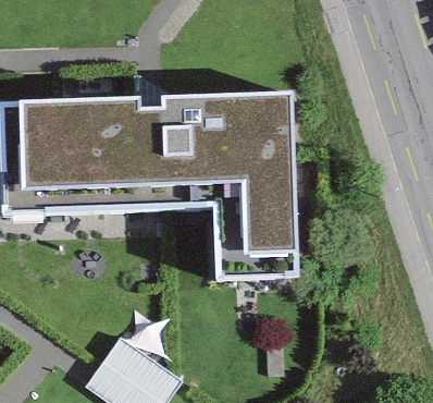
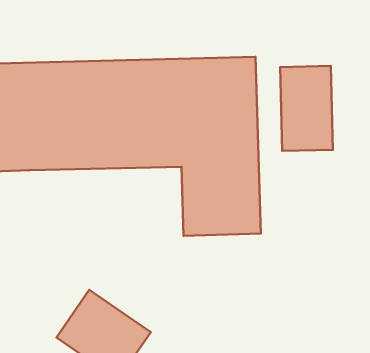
building: none -> [280,66,333,151]

